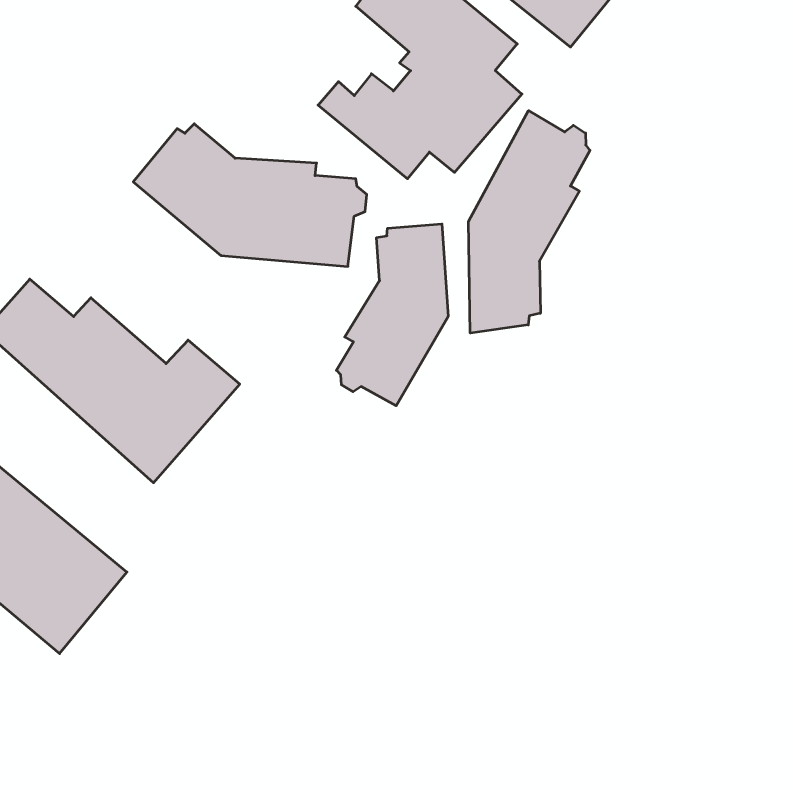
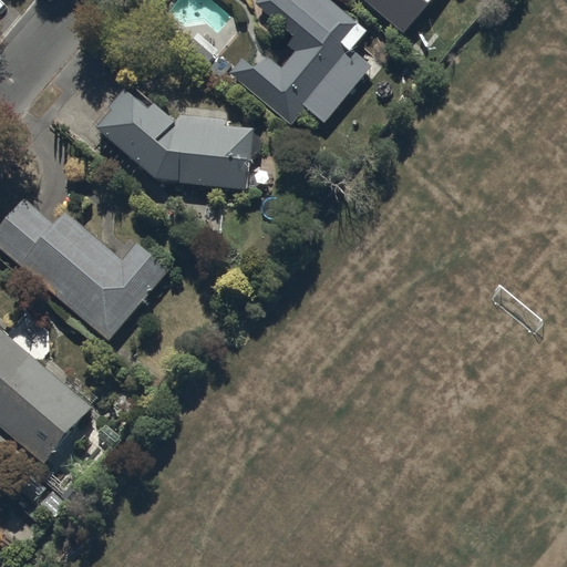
building: [469,111,590,333] -> none
building: [336,224,448,406] -> none

